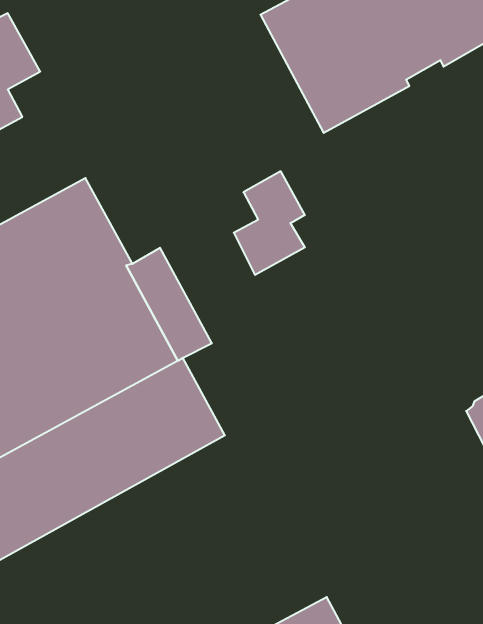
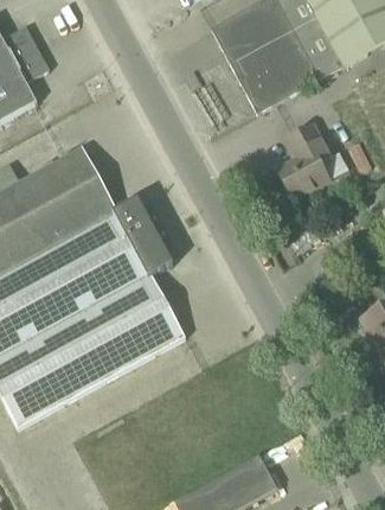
building: [234,171,305,275] -> [277,122,329,198]

